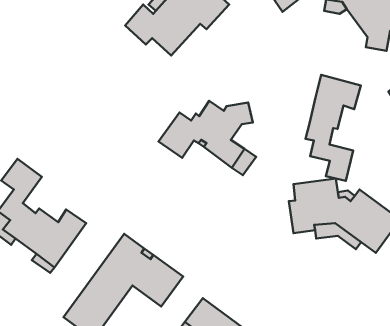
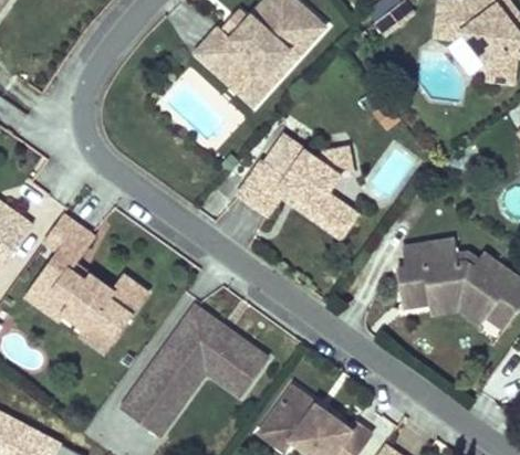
building: none -> [220,50,294,104]
building: [305,75,361,181] -> none

